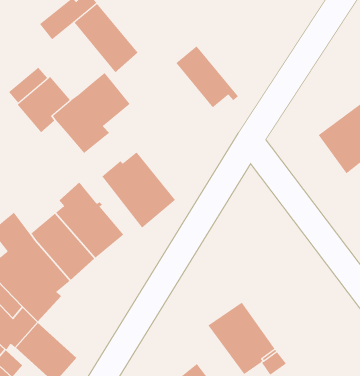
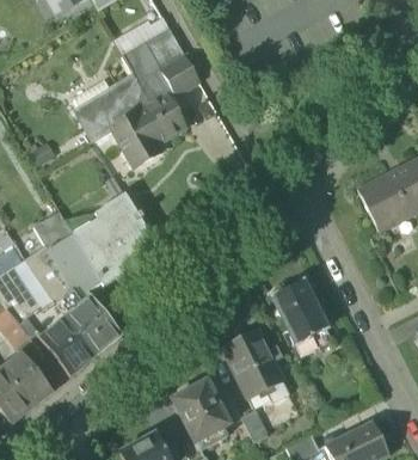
building: [176,45,239,108] -> [122,42,176,103]
building: [101,152,176,228] -> none
building: none -> [272,280,326,343]
building: none -> [64,295,122,355]

